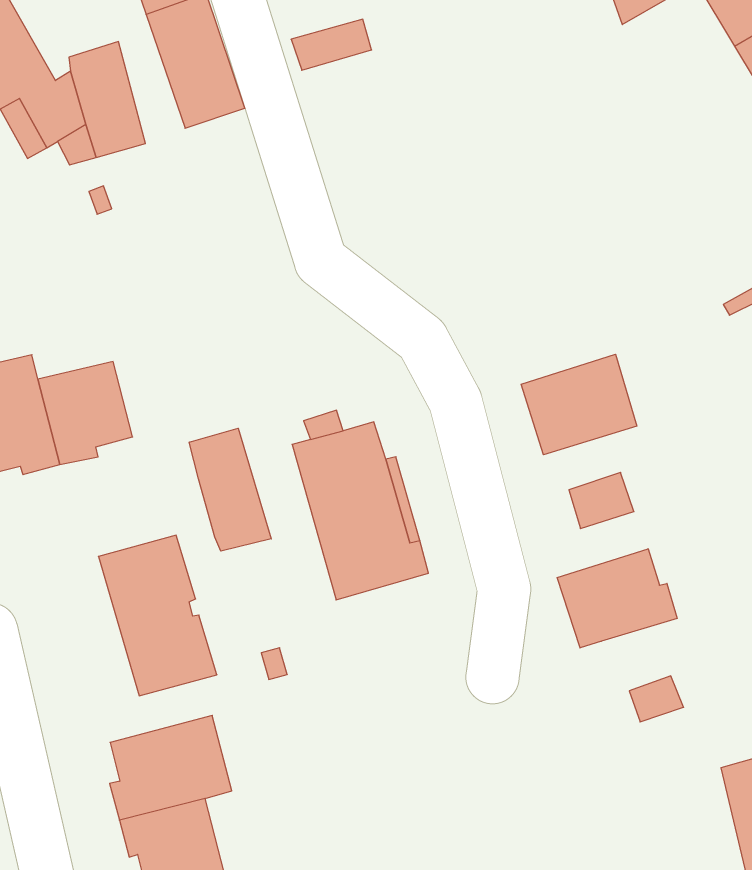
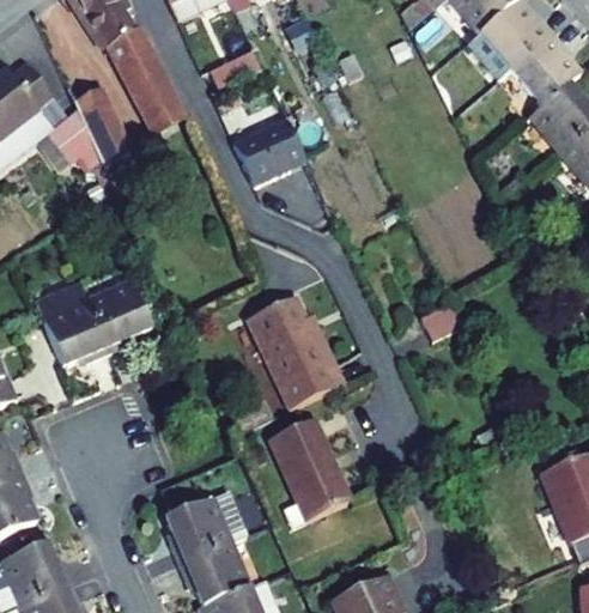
building: none -> [233,115,305,182]
building: [521,354,637,455] -> none
building: [189,428,271,551] -> none
building: [98,535,217,696] -> [268,417,352,518]
building: [557,549,677,648] -> none

